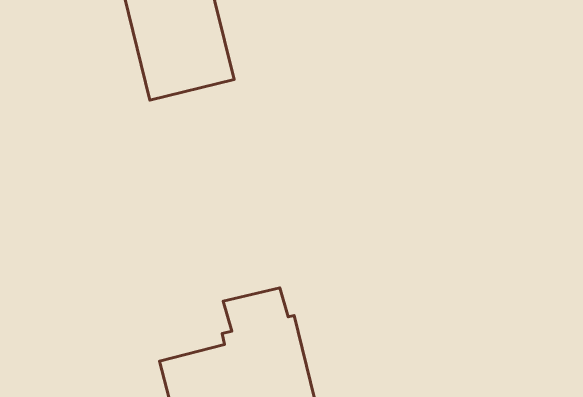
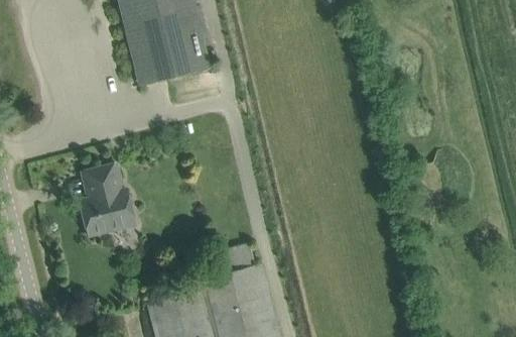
building: none -> [80,163,136,236]

